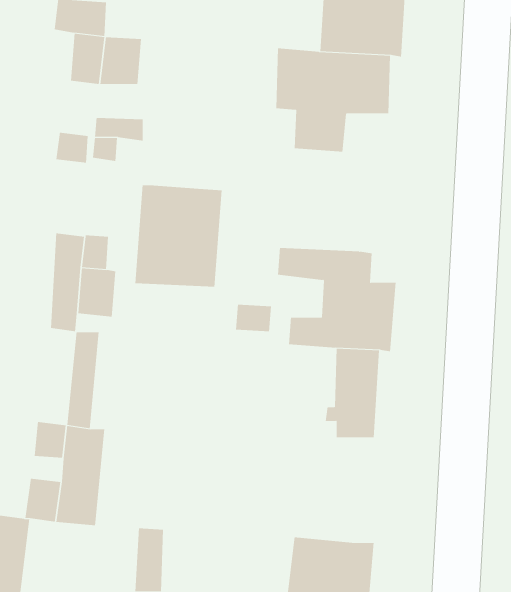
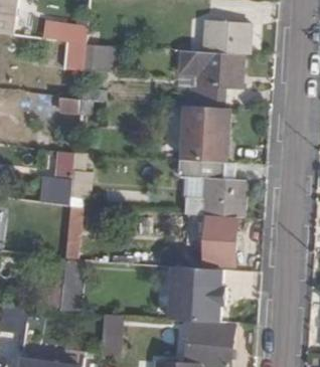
building: [135,185,223,287] -> [180,106,228,162]
building: none -> [169,265,226,322]

